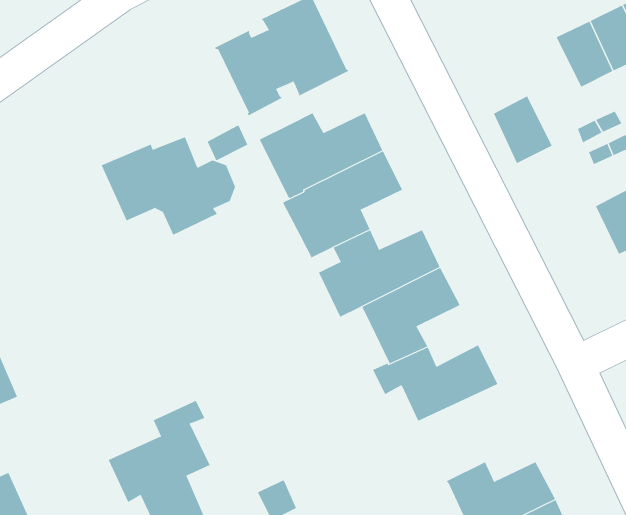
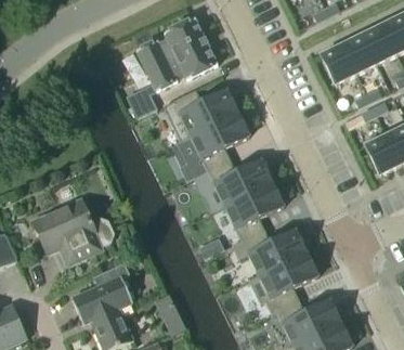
building: [493,96,553,164] -> [321,42,356,83]
building: [101,136,236,235] -> [32,202,114,261]
building: none -> [248,251,317,313]

